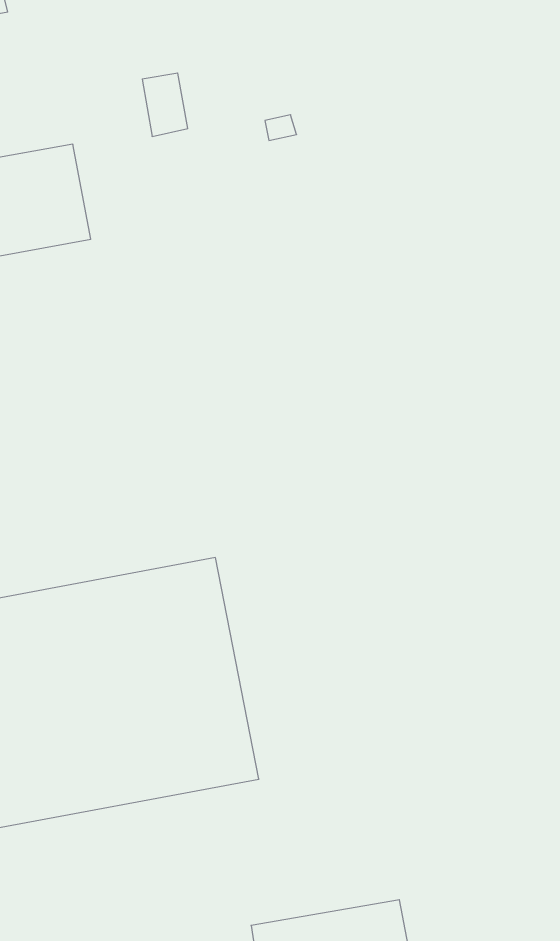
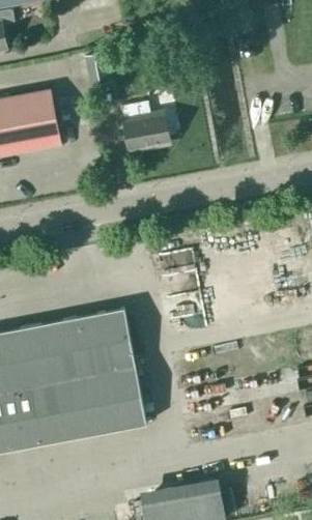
building: none -> [118,89,170,150]

